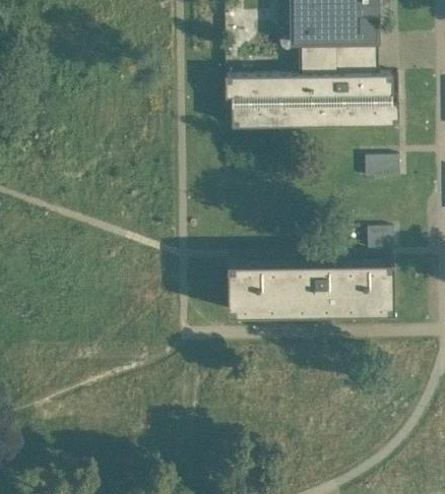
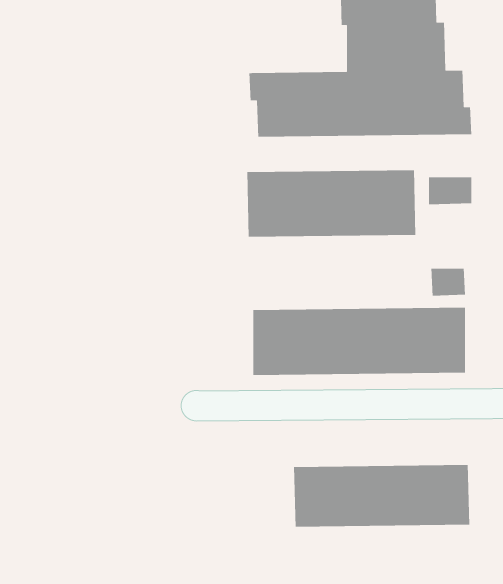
building: none -> [246,169,416,238]
building: none -> [293,464,470,527]

